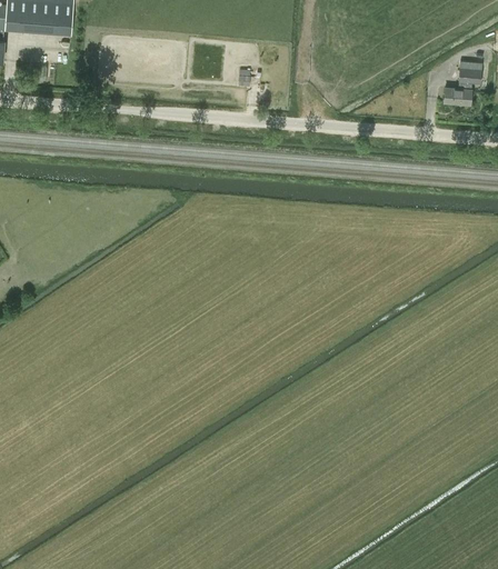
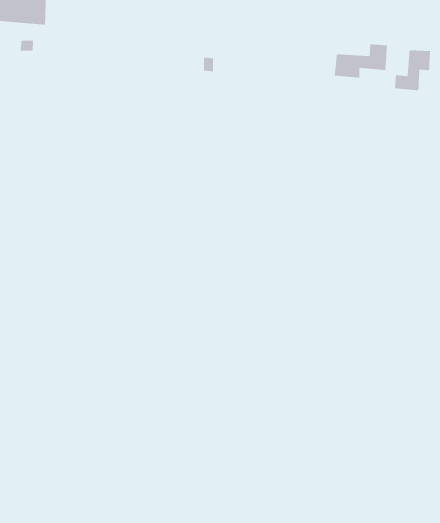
building: none -> [334,44,388,78]

